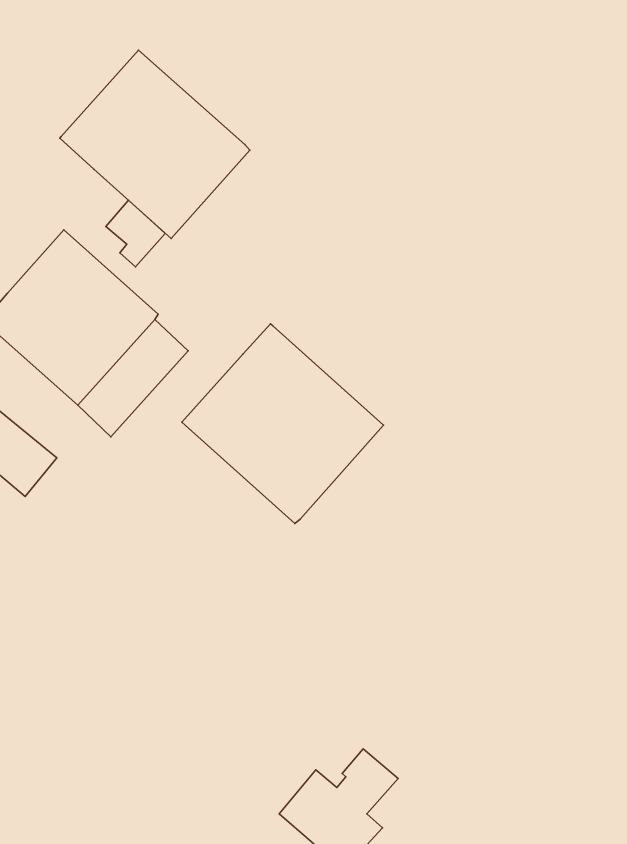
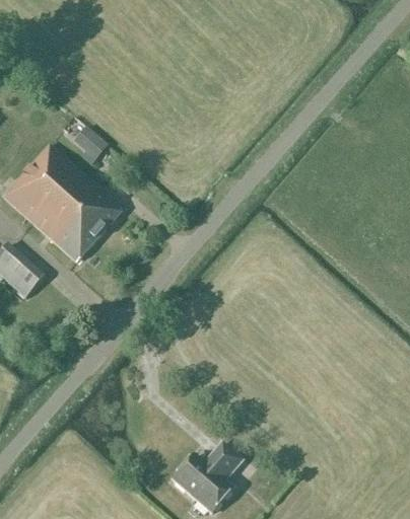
building: [60,50,250,238] -> none
building: [182,324,383,524] -> none

